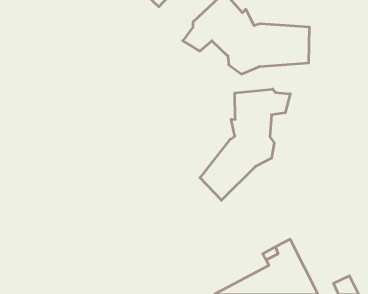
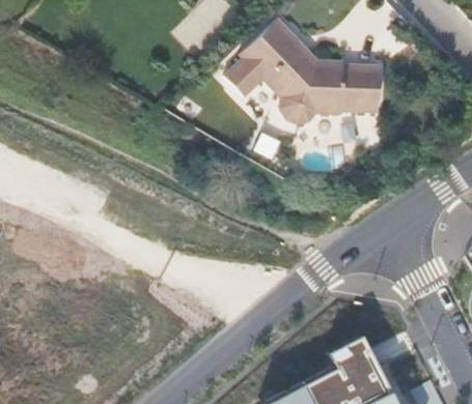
building: [200,89,290,200] -> none

